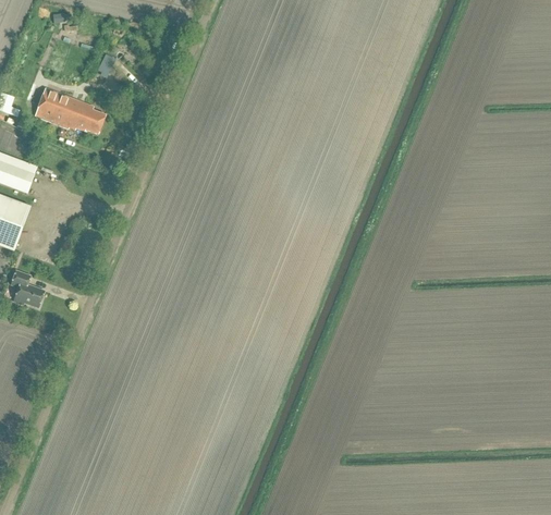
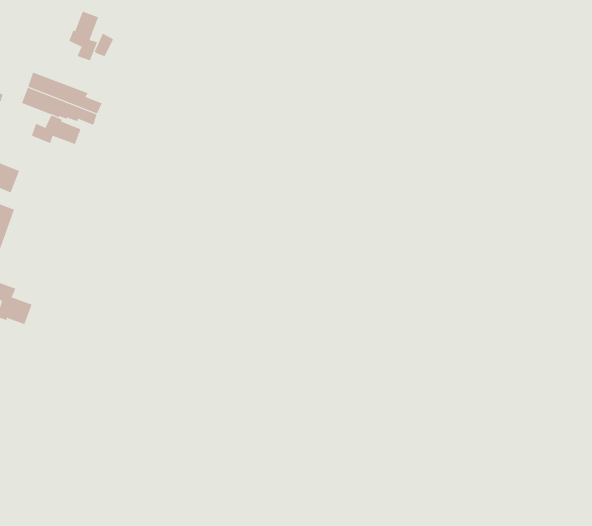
building: none -> [68,11,99,61]
building: none -> [31,115,81,145]

